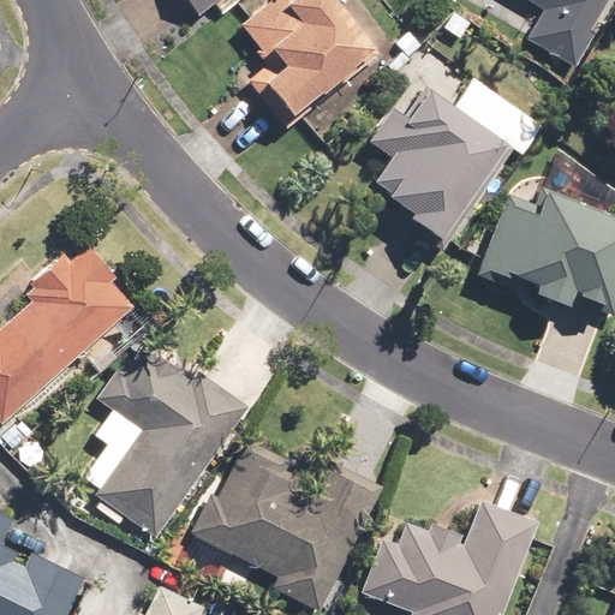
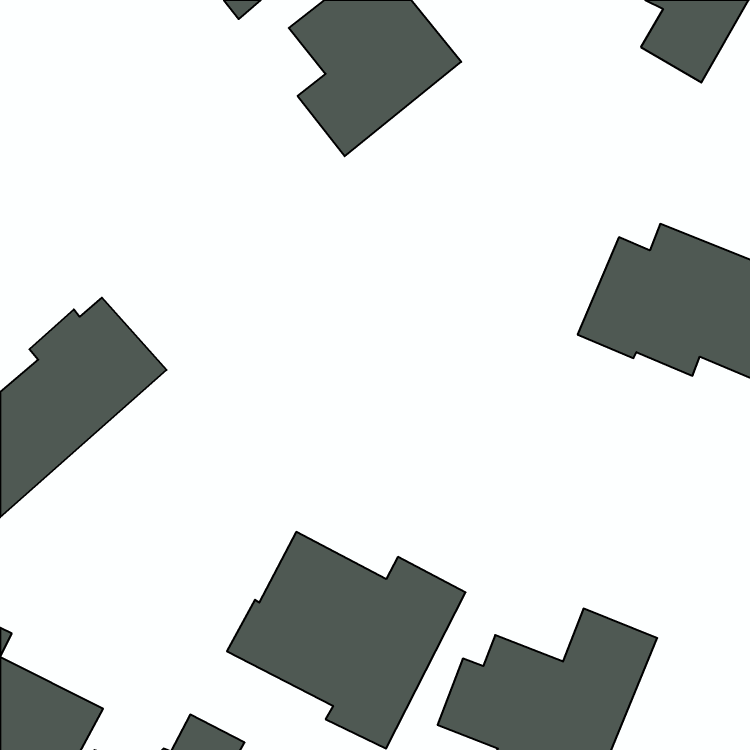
building: [369,78,542,253] -> none
building: [76,339,249,539] -> none

